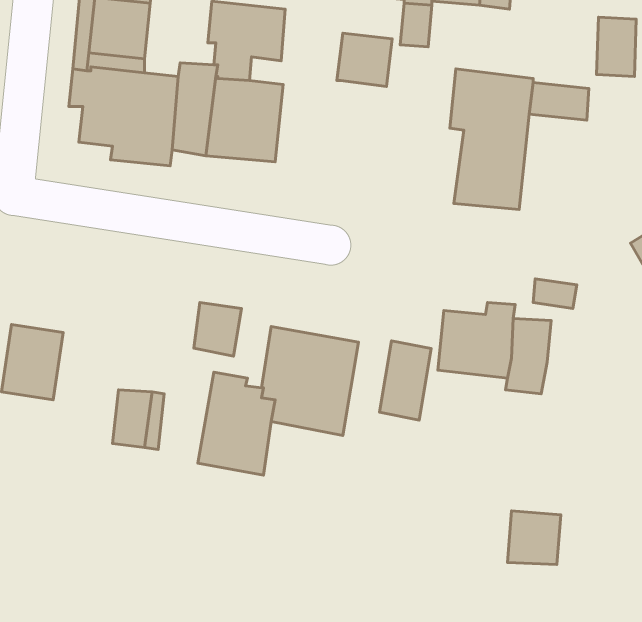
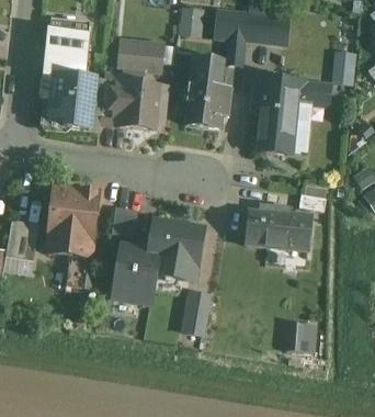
building: none -> [184,83,230,127]
building: none -> [48,187,96,244]
building: [380,341,431,420] -> [183,291,212,335]

